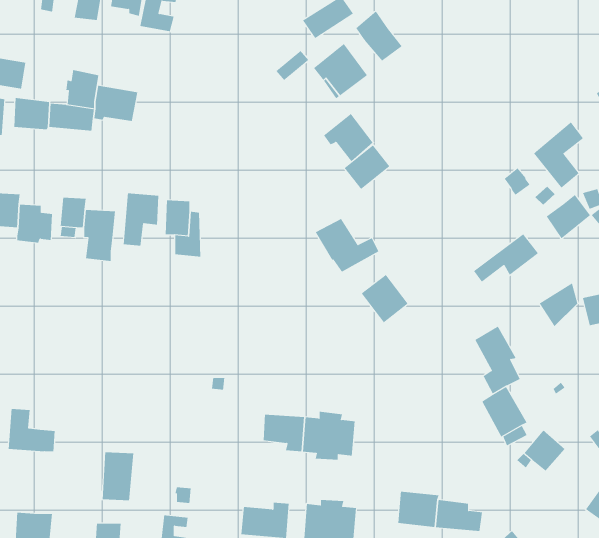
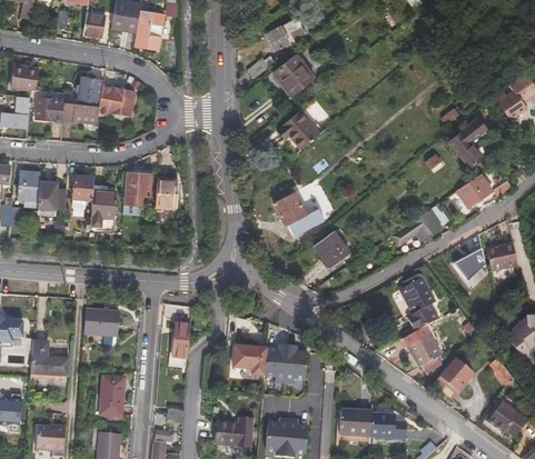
building: [355,11,402,62] -> none
building: [344,145,390,190] -> none
building: none -> [83,310,119,337]
building: none -> [168,322,186,357]

